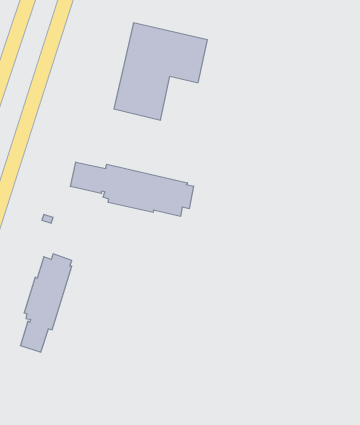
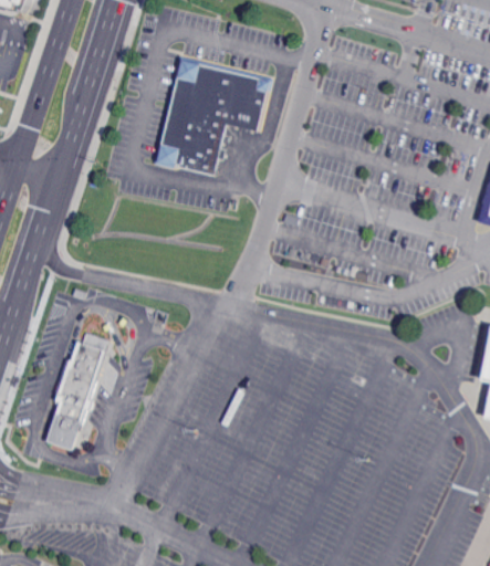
building: [70,162,194,216] -> none

